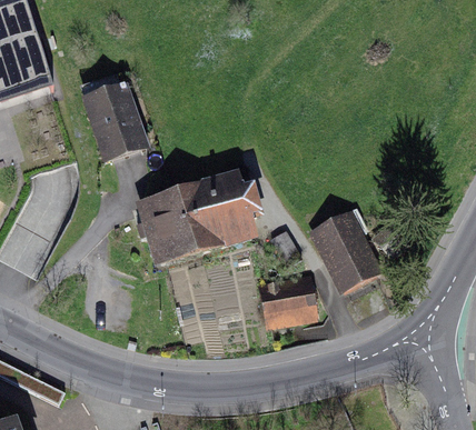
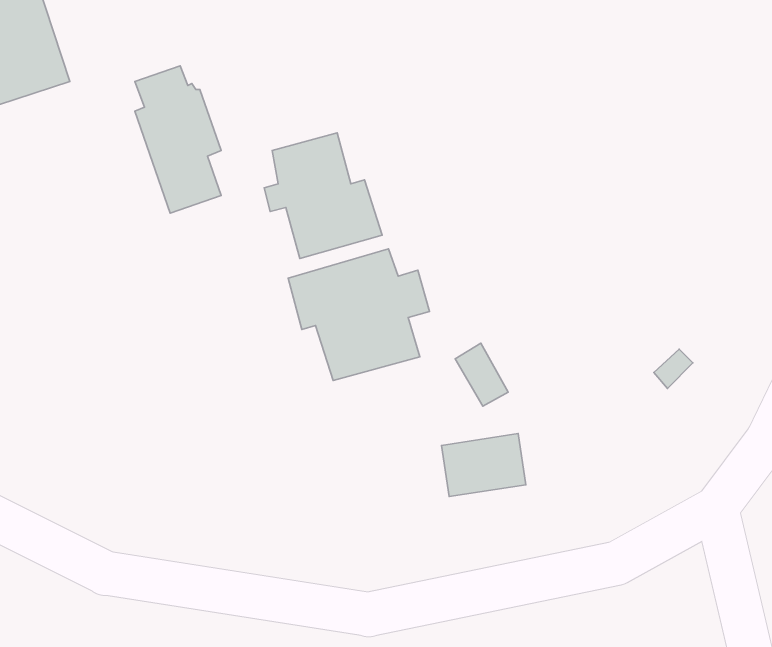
building: [135,191,201,262] -> [264,133,382,259]
building: [316,214,373,284] -> none

